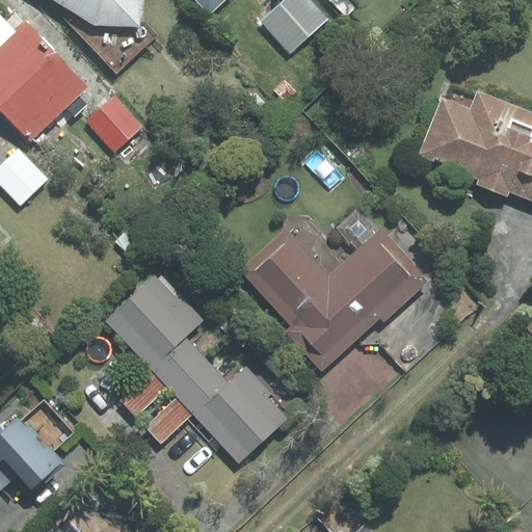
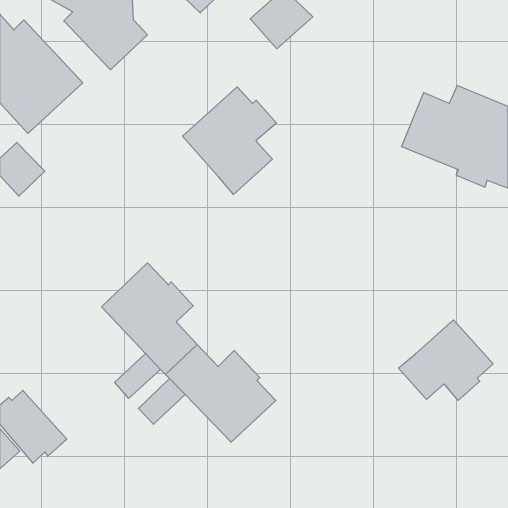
building: none -> [183,87,276,194]
building: [86,96,141,151] -> none
building: [239,228,427,370] -> none
building: none -> [398,320,493,400]

